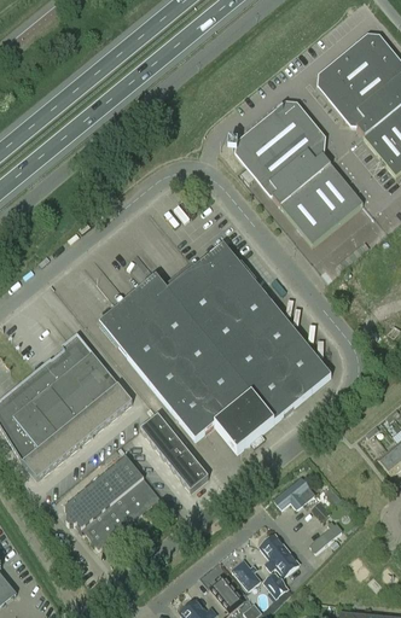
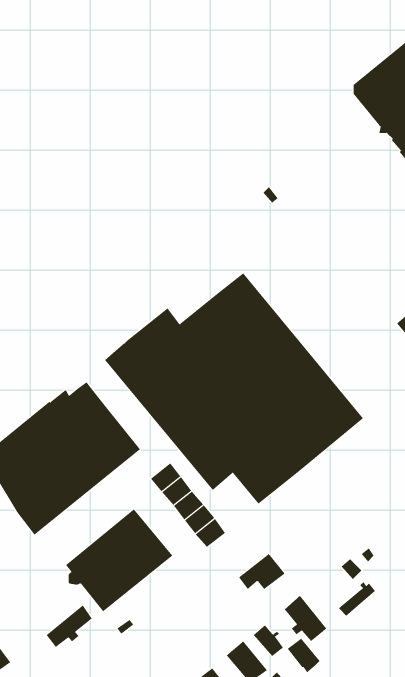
building: [239,105,362,245] -> none
building: [273,476,315,508] -> [238,553,285,590]
building: none -> [46,605,92,648]

